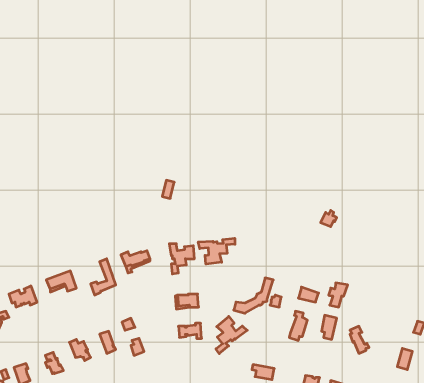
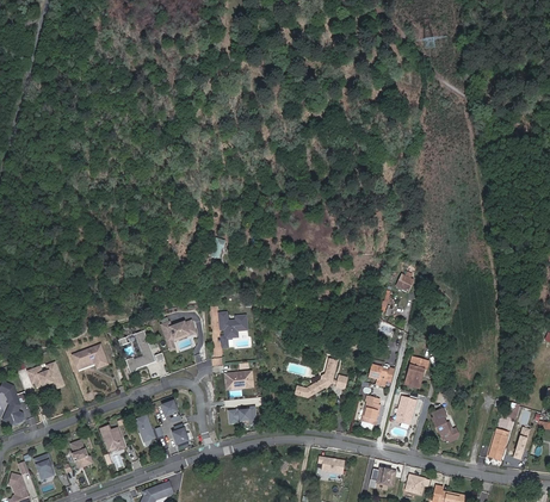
building: [198,238,235,264] -> none
building: [216,316,247,354] -> none

